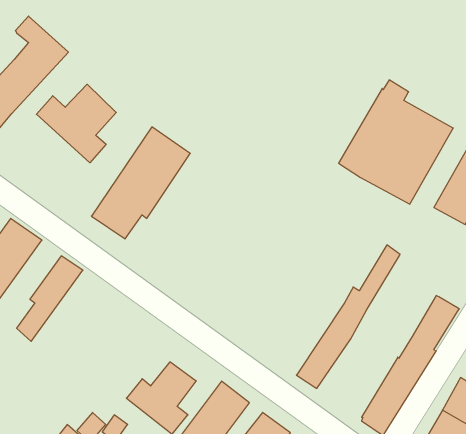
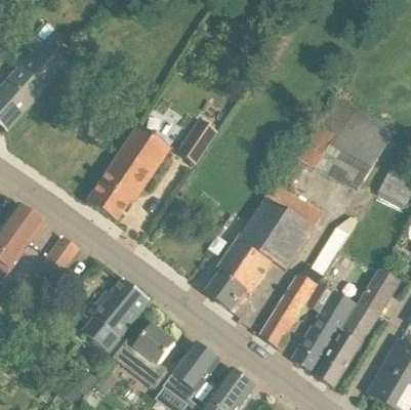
building: [36,84,116,163] -> none
building: none -> [174,118,217,165]
building: none -> [206,183,322,310]
building: none -> [83,278,150,353]
building: none -> [292,281,358,372]

